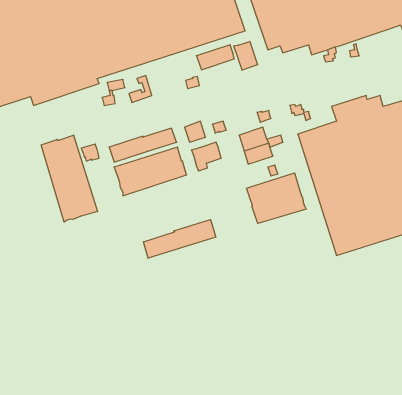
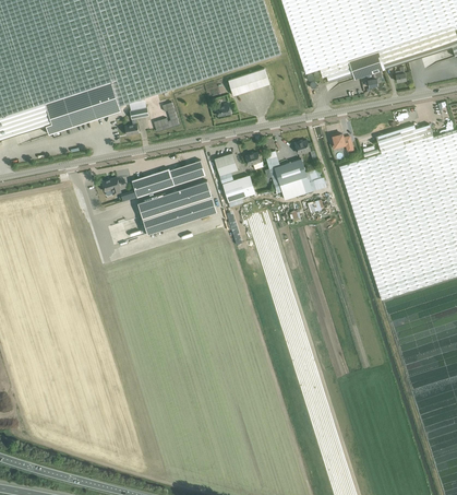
building: [234,41,257,70] -> none
building: [41,135,98,222] -> none
building: [247,173,306,223] -> none
building: [143,220,216,258] -> none

